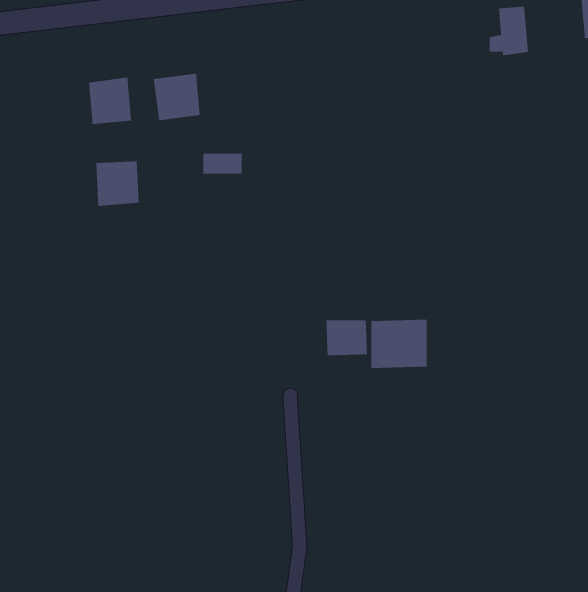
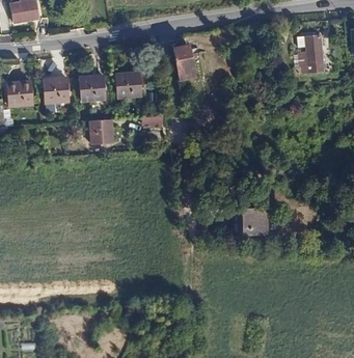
building: none -> [172,47,192,80]
building: none -> [45,78,70,104]
building: [326,319,367,356] -> none

